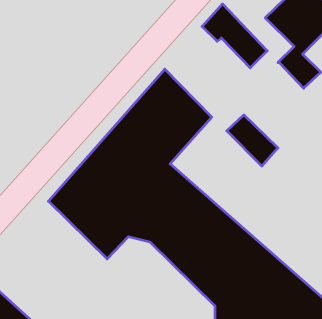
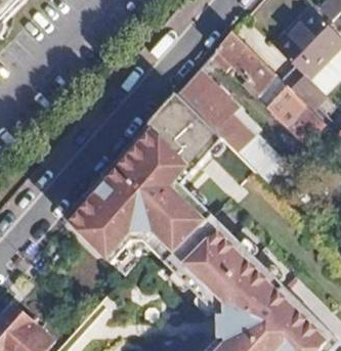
building: none -> [176,69,252,151]
building: none -> [265,86,323,145]

